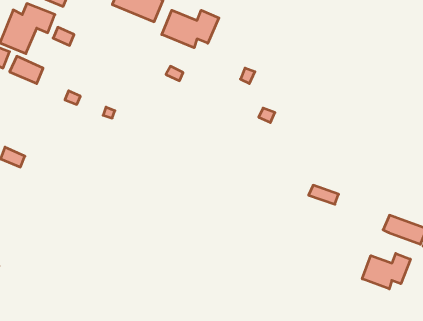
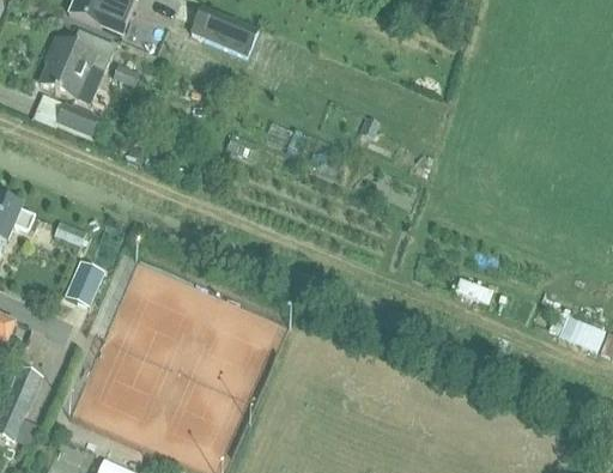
building: [162,10,219,48] -> none
building: none -> [66,261,103,305]
building: [362,253,410,289] -> none

